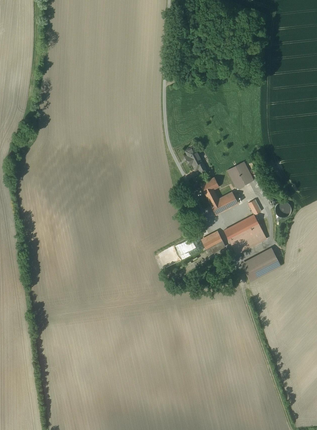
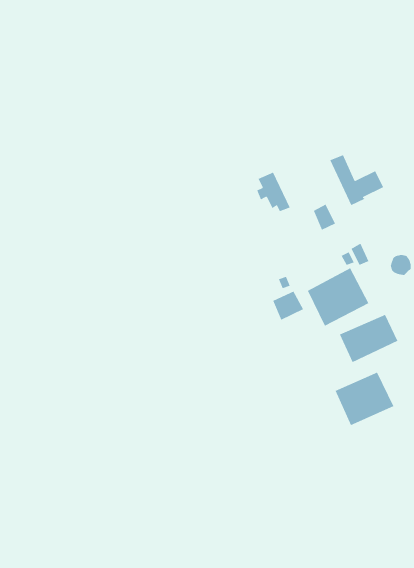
building: [199,179,237,215] -> [329,154,384,206]
building: none -> [334,372,394,426]

